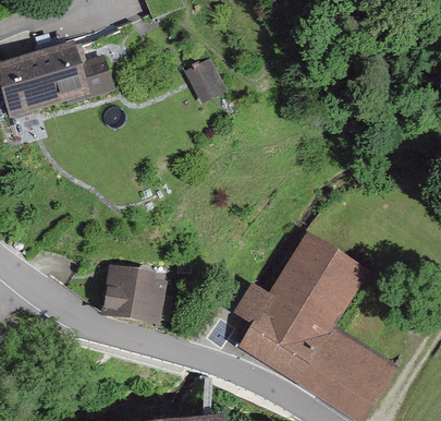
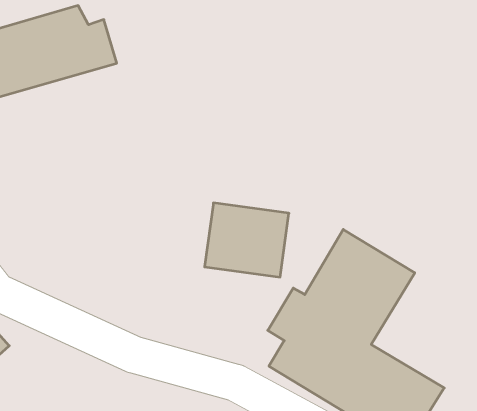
building: [177,53,223,99] -> none
building: [108,258,180,322] -> [205,203,289,277]

